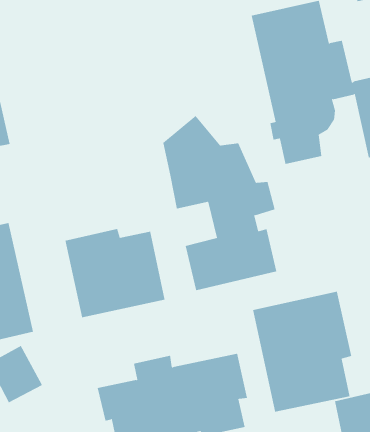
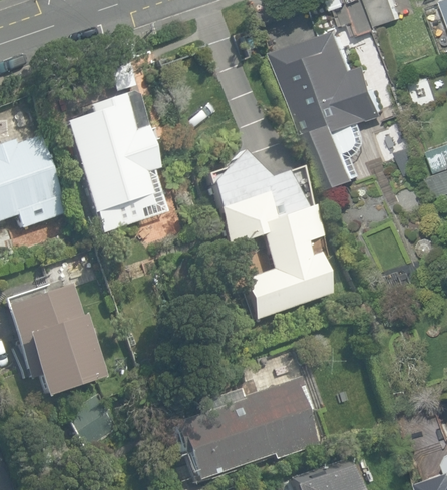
building: none -> [64,94,162,228]
building: [65,228,165,318] -> none
building: [253,291,352,413] -> none

